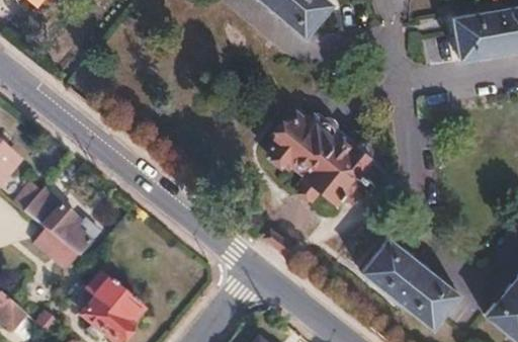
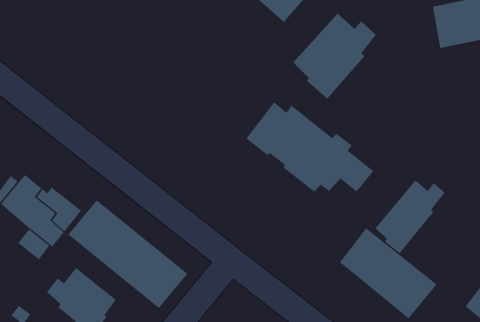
building: none -> [293,13,377,99]
building: none -> [375,180,445,254]
building: none -> [67,200,188,309]

